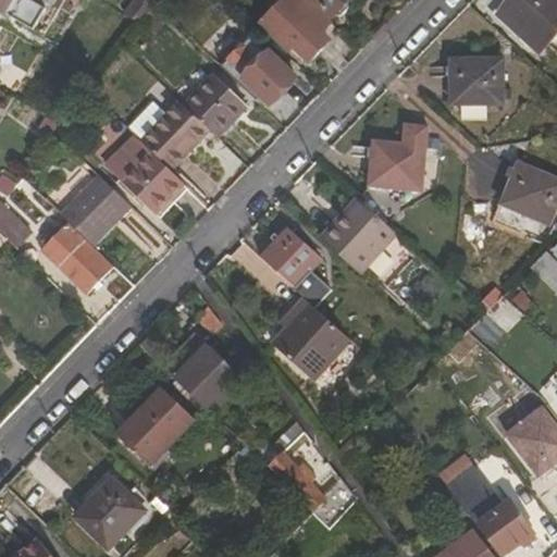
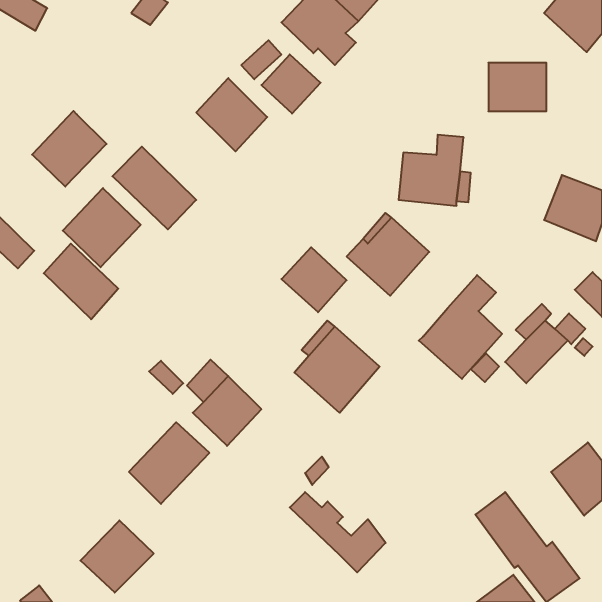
building: [139,100,208,170] -> [32,111,107,187]
building: none -> [419,275,502,379]

